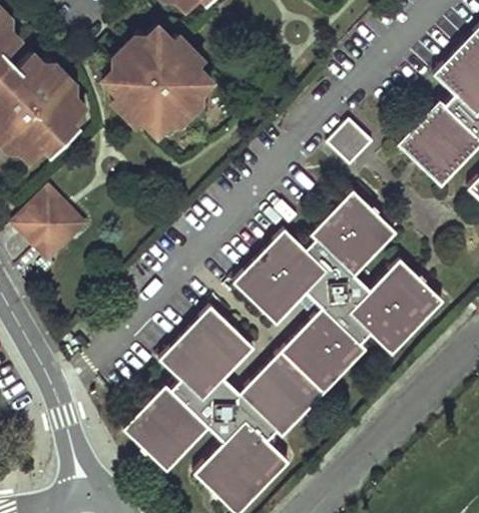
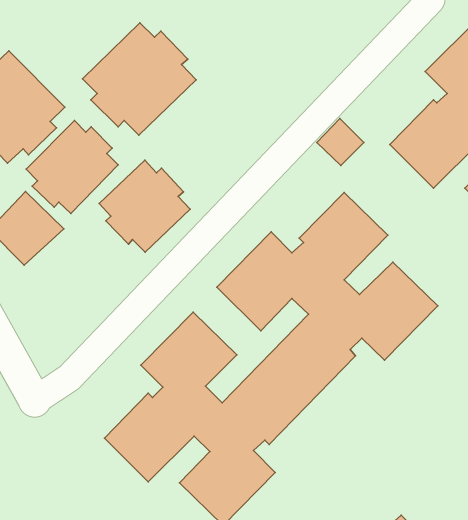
building: none -> [26,121,118,214]
building: none -> [99,160,190,252]

